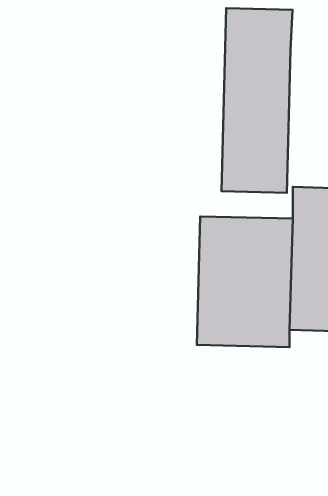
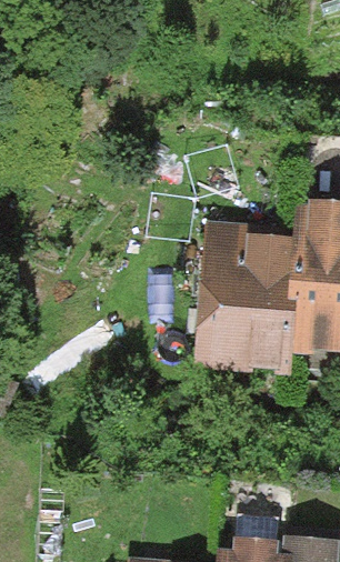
building: [222,8,292,193] -> none

